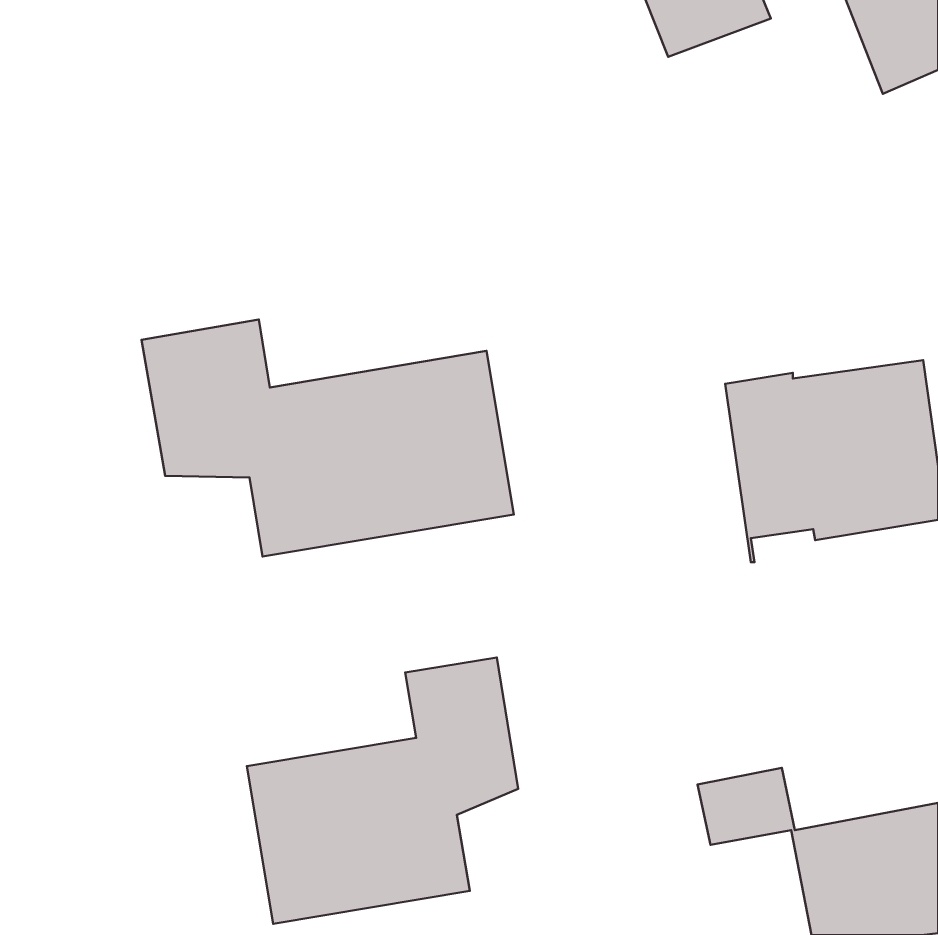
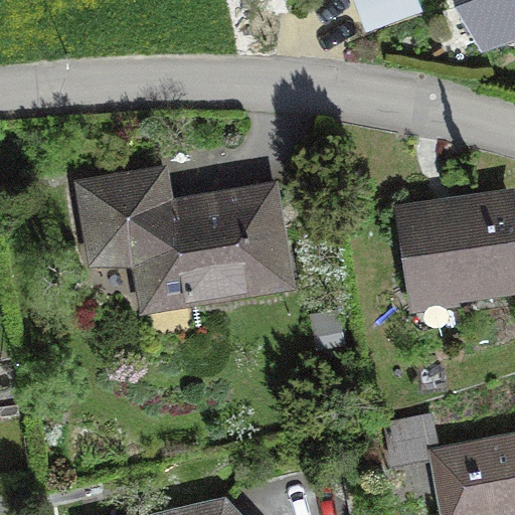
building: [247,657,518,924] -> none

